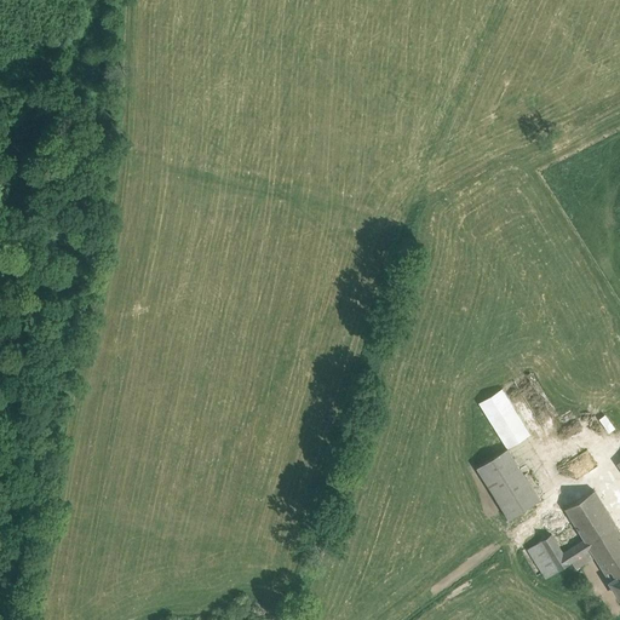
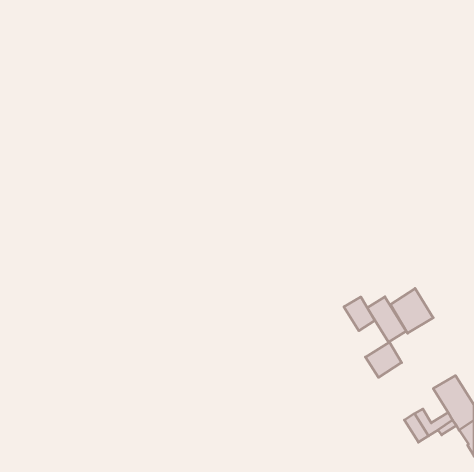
building: none -> [390,288,433,333]
building: none -> [344,297,375,331]
building: [494,476,540,521] -> none

